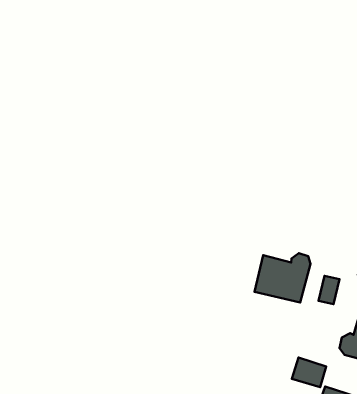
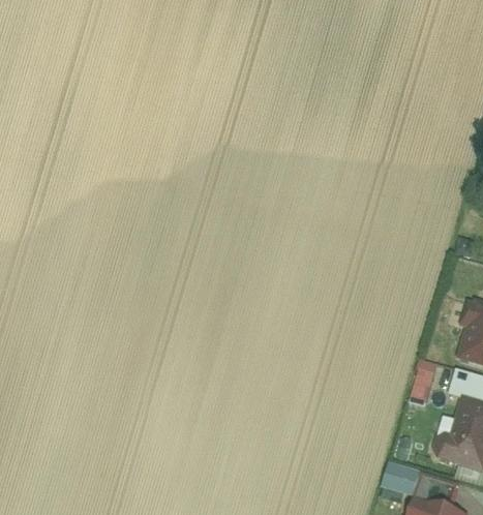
building: [255,253,311,303] -> none

